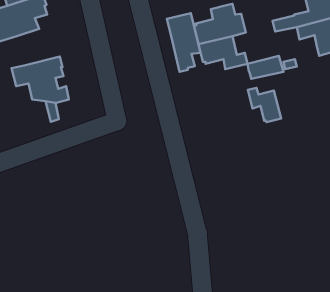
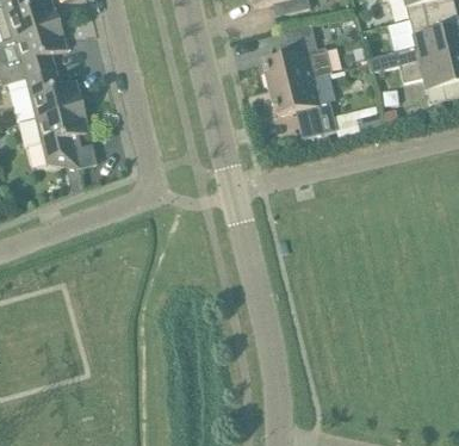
building: [167,13,200,72] -> none
building: none -> [25,68,82,117]
building: [248,88,281,122] -> none

